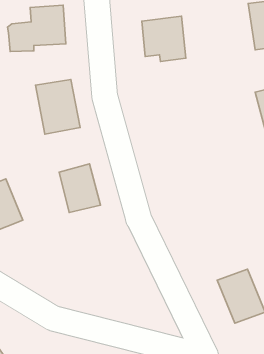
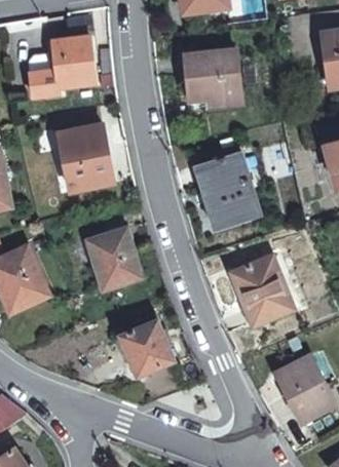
building: none -> [193,150,261,227]
building: none -> [230,258,291,325]
building: none -> [121,322,174,376]

